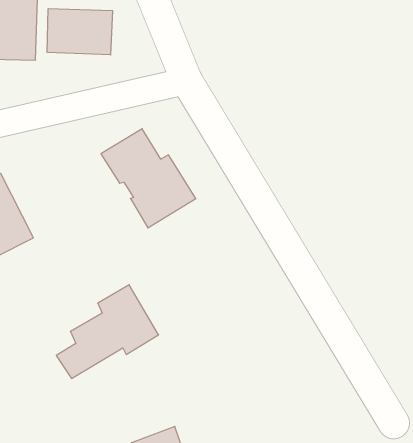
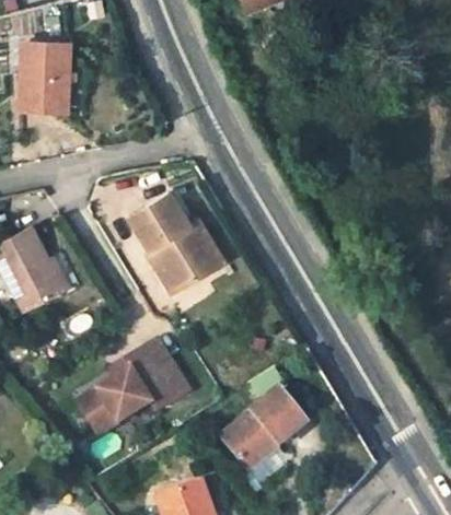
building: [47,9,113,55] -> none
building: none -> [223,389,308,470]

